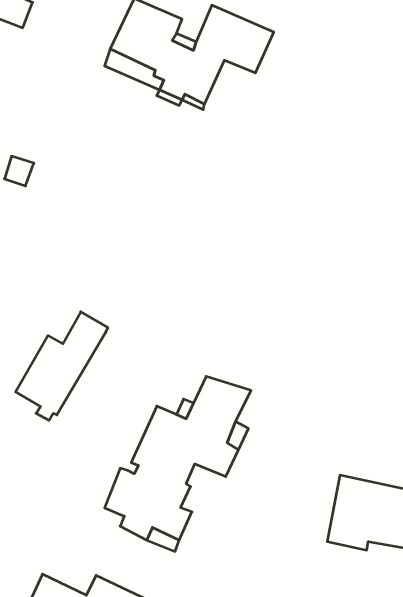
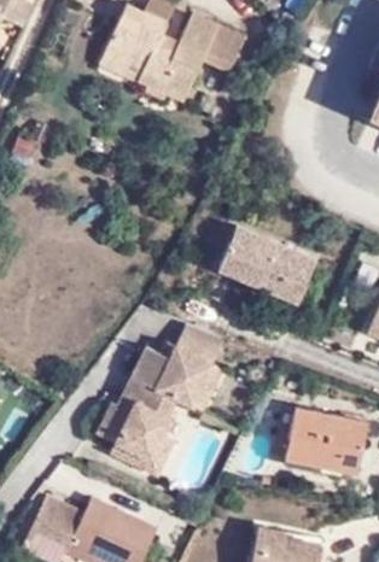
building: none -> [217,226,313,302]
building: [16,312,108,420] -> none

